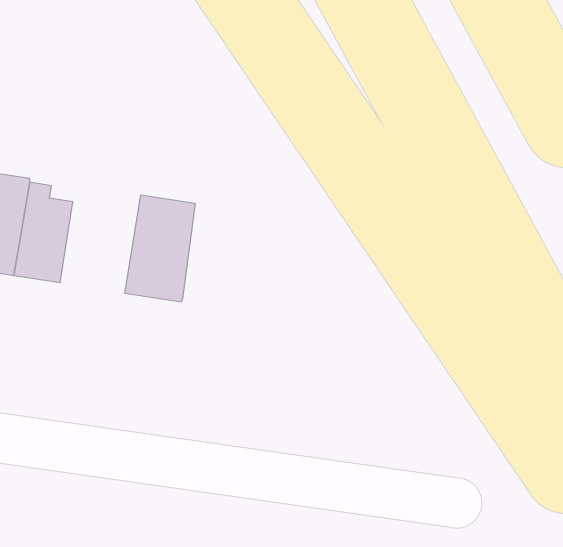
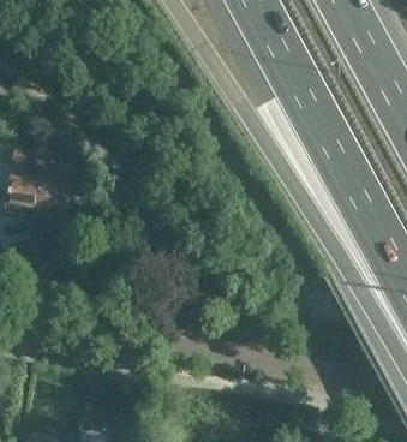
building: [125,195,195,302] -> none

